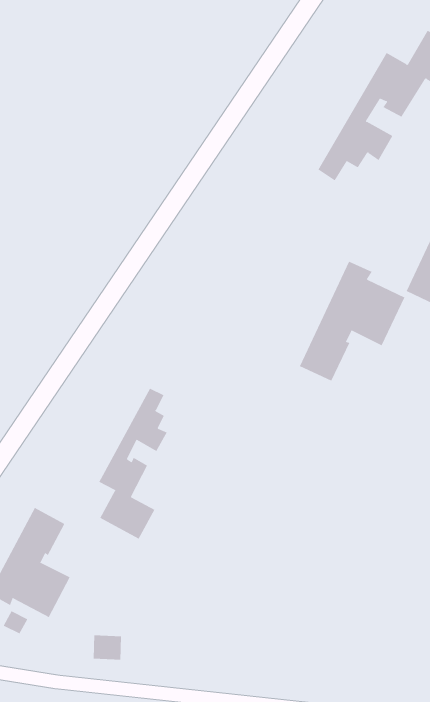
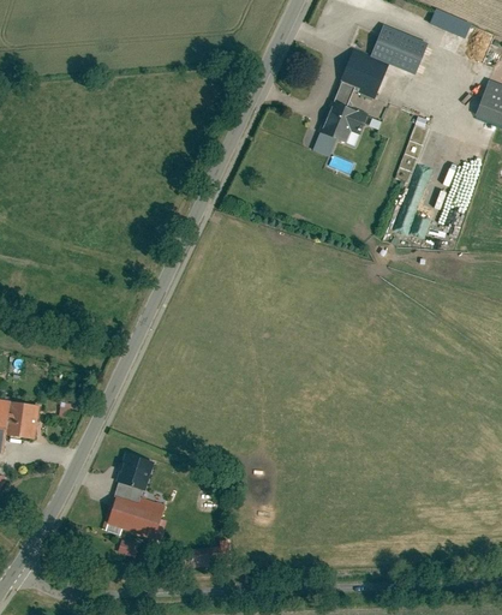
building: [299,261,405,381] -> none
building: [99,388,167,539] -> none

